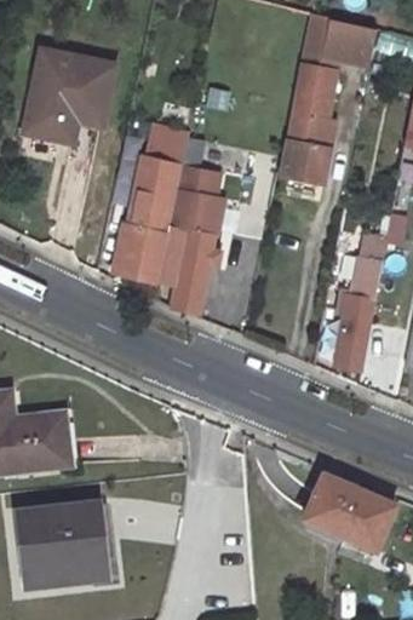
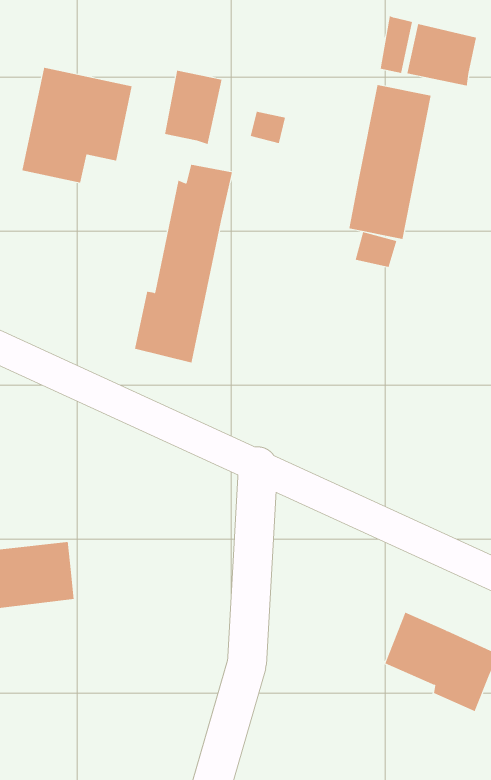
building: none -> [164,70,222,145]
building: [157,171,219,315] -> none
building: [333,243,384,371] -> none
building: [18,505,111,587] -> none

